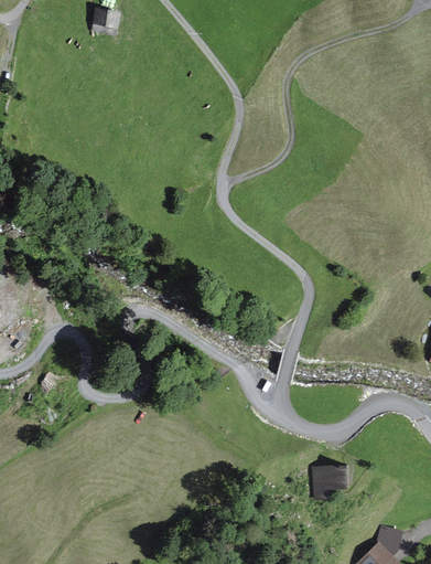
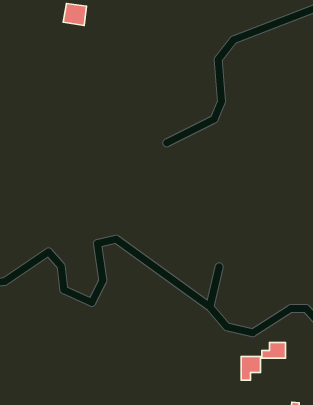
building: none -> [262,342,286,358]

